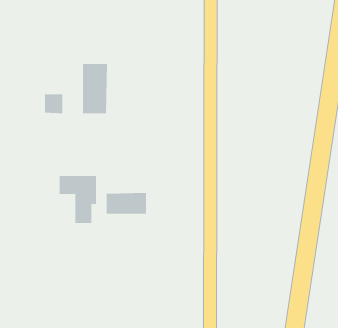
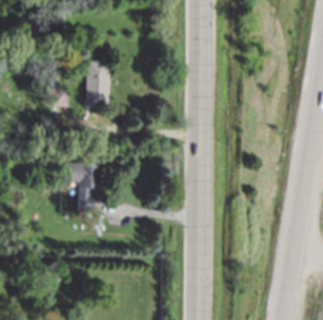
building: [106,192,146,215] -> none

